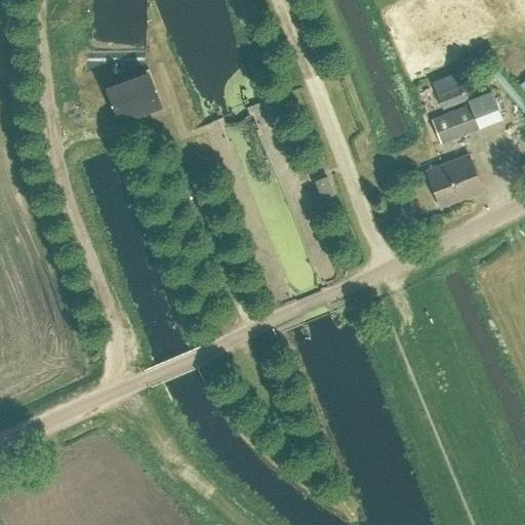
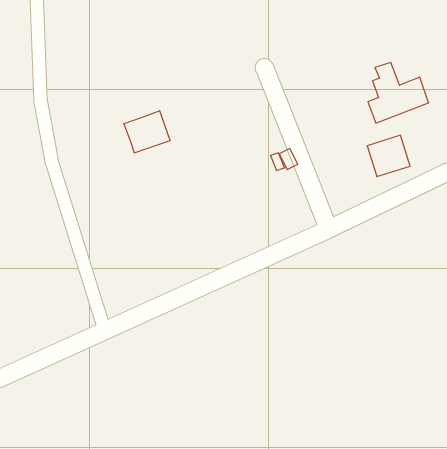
building: [106,74,160,123] -> [124,111,170,153]

